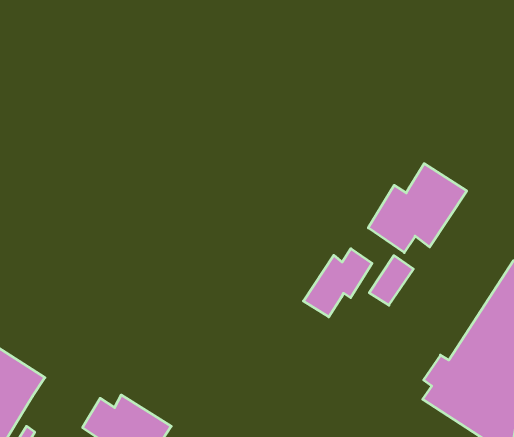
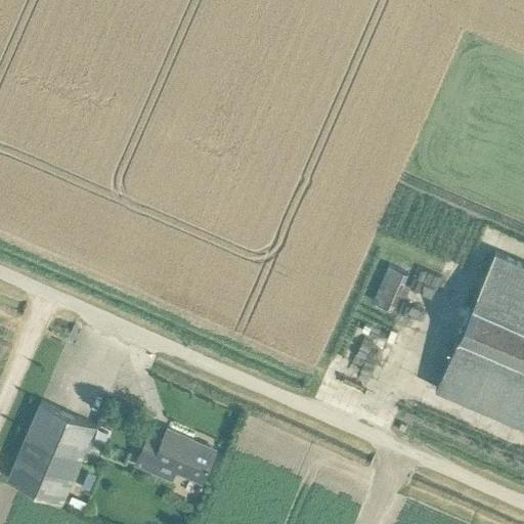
building: [368,164,467,253] -> none
building: [303,249,372,317] -> none

